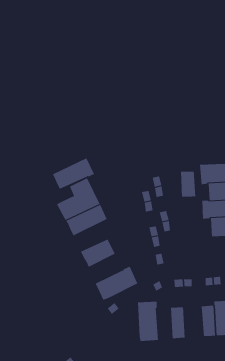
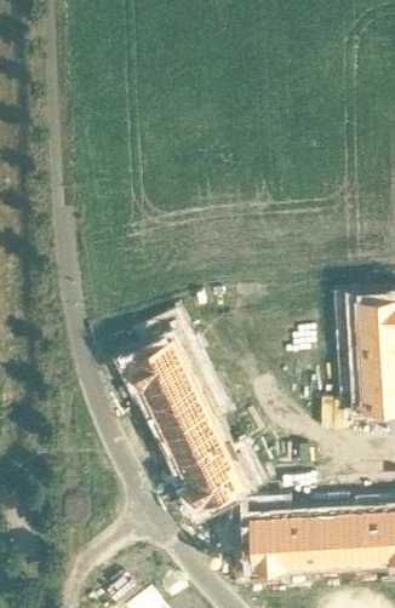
building: [52,157,95,190] -> [150,386,214,435]
building: [181,170,196,197] -> none
building: none -> [173,438,225,483]
building: none -> [317,517,347,566]
building: none -> [276,520,299,569]

